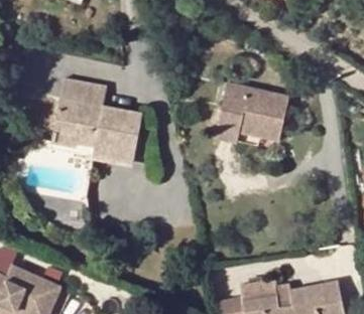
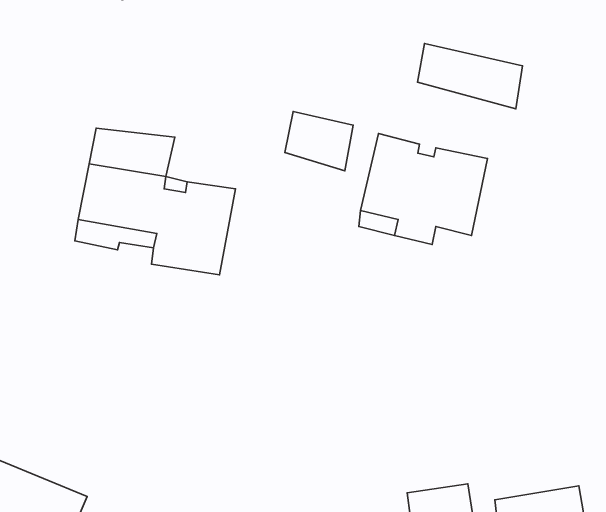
building: none -> [417,43,522,109]
building: none -> [285,112,353,171]

